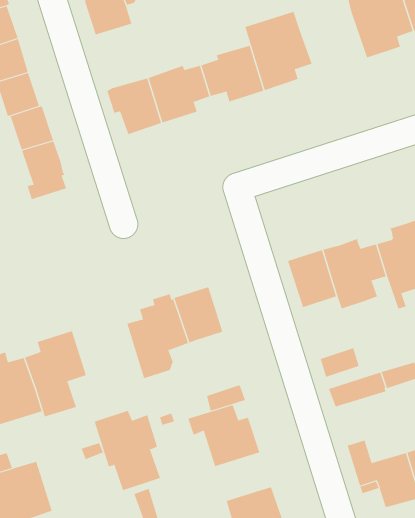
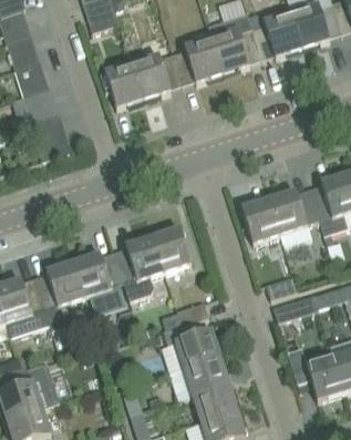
building: none -> [252,12,303,55]
building: [94,410,161,491] -> [74,252,126,315]
building: none -> [185,356,229,393]

